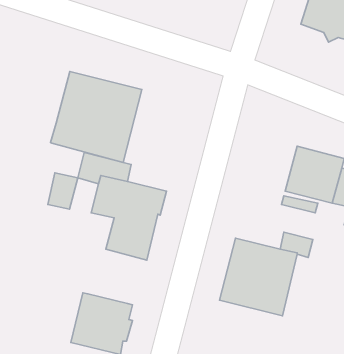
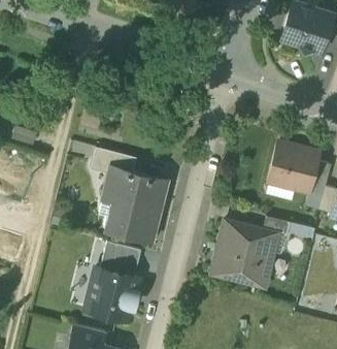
building: [50,71,142,162] -> none
building: [48,173,78,209] -> [98,199,124,230]
building: none -> [101,242,142,277]

